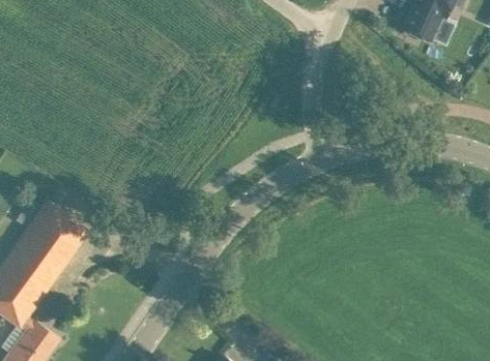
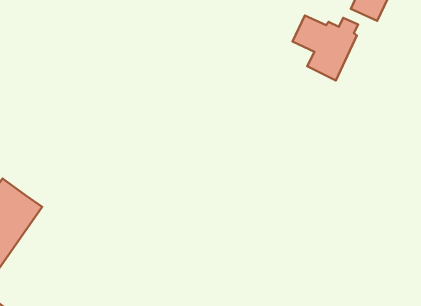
building: none -> [293,16,358,81]

